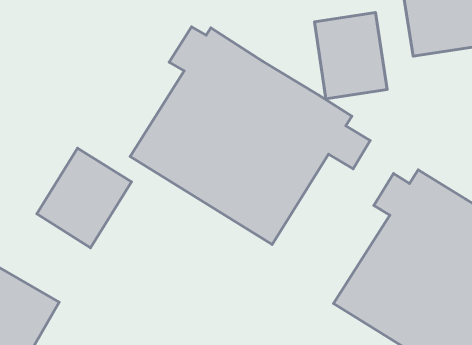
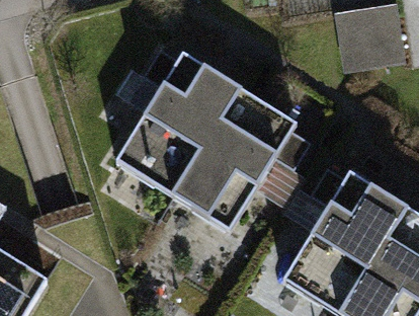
building: [314,13,387,99] -> none
building: [37,148,131,248] -> none

